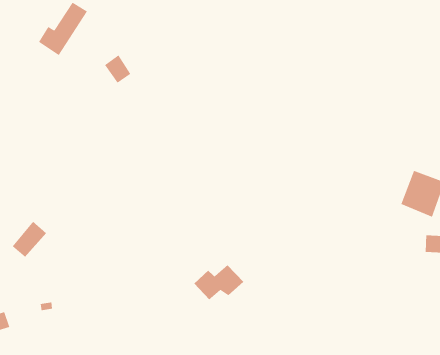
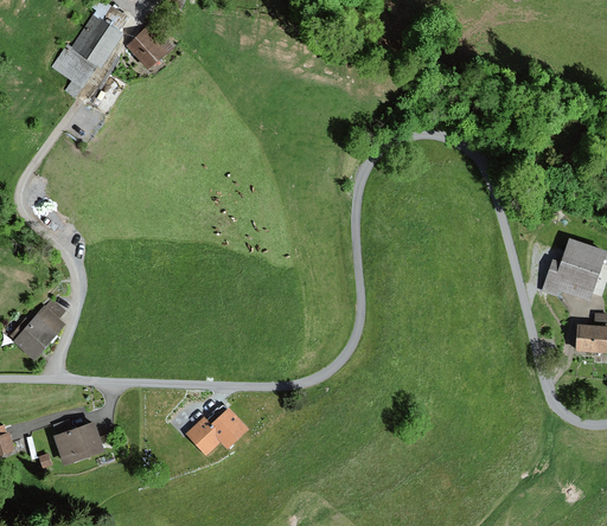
building: [104,55,131,83] -> [130,32,167,71]
building: [193,264,244,300] -> [183,408,251,456]
building: none -> [56,422,104,463]

